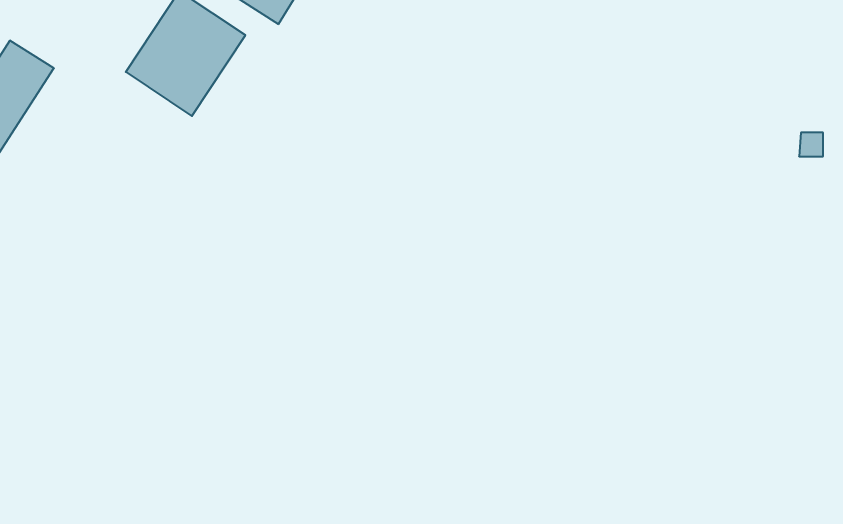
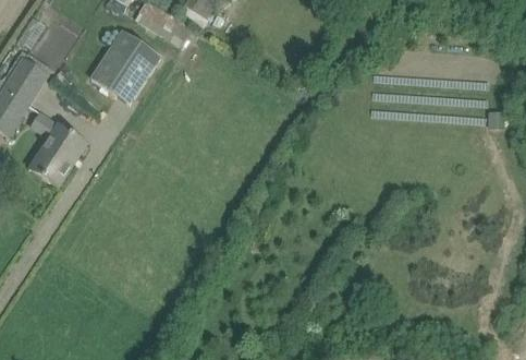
building: none -> [29,123,86,185]

